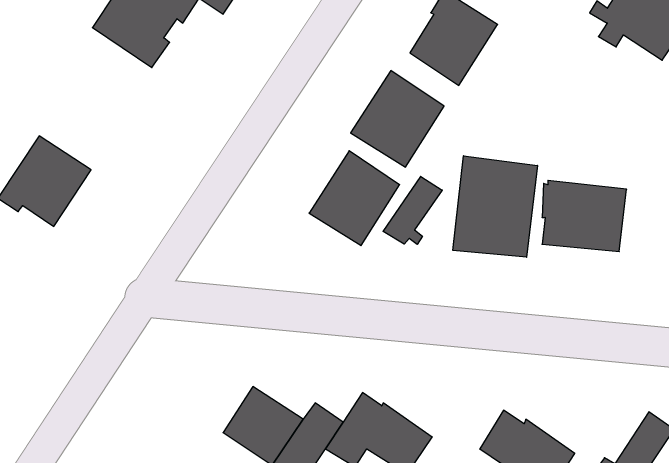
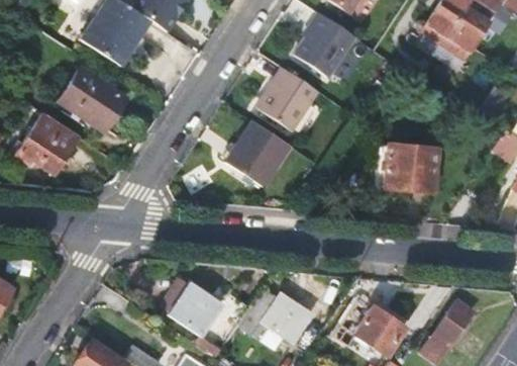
building: none -> [59,68,126,131]
building: [453,156,537,257] -> none
building: [383,176,442,244] -> none

